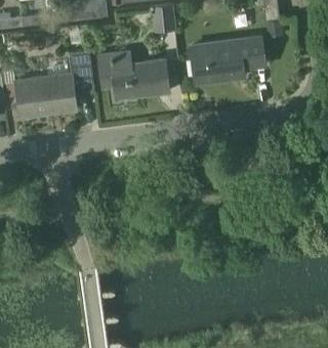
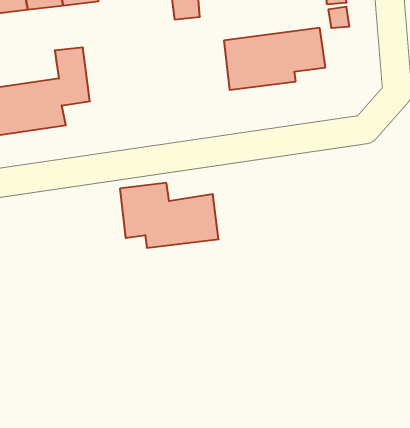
building: [96,51,168,98] -> [120,183,219,248]

